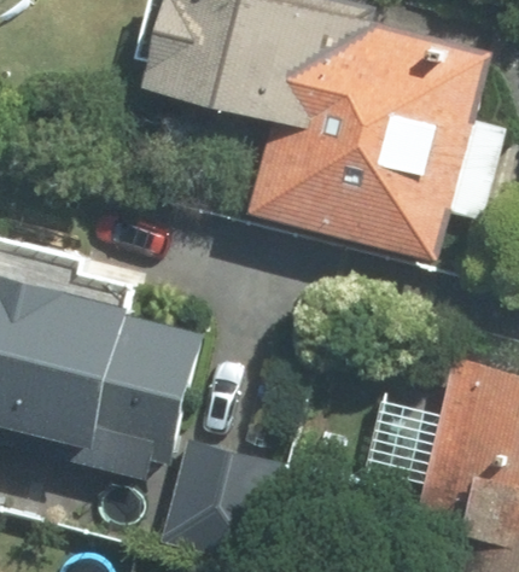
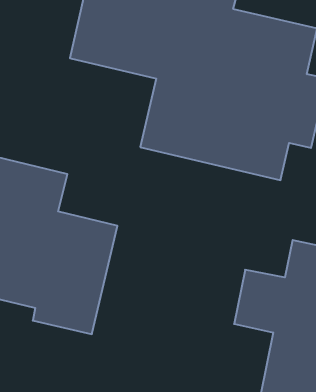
building: [164,438,274,556] -> none

